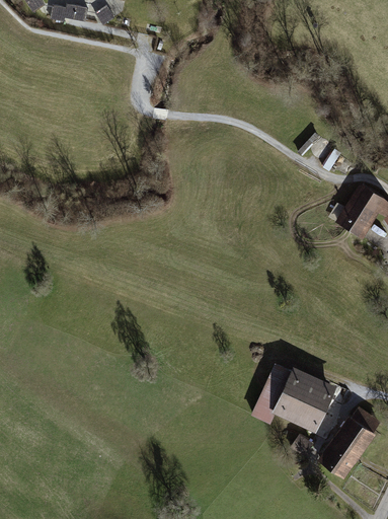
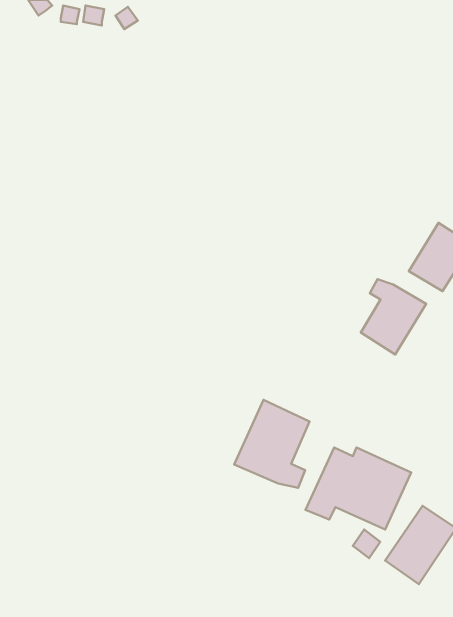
building: none -> [361,279,426,354]
building: none -> [234,400,309,488]

